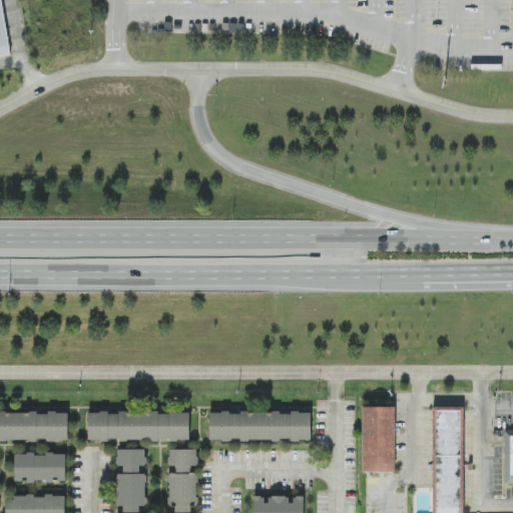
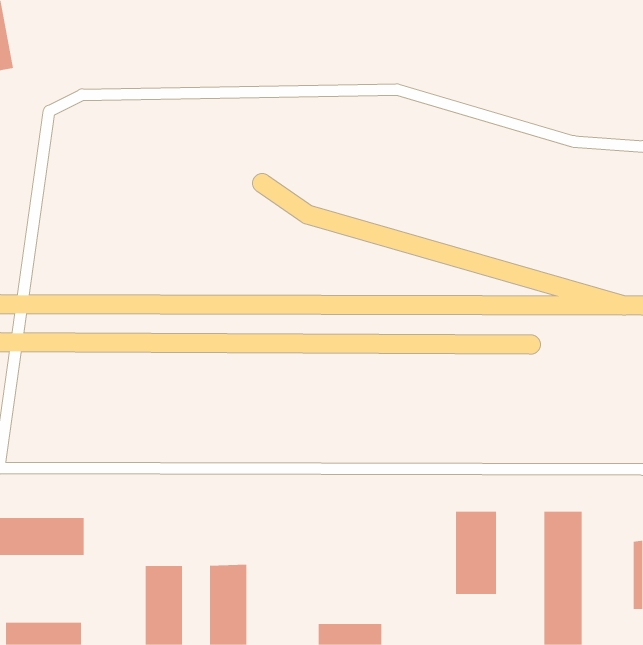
building: [87,410,188,441] -> none
building: [208,411,311,442] -> none
building: [13,452,65,482] -> none

